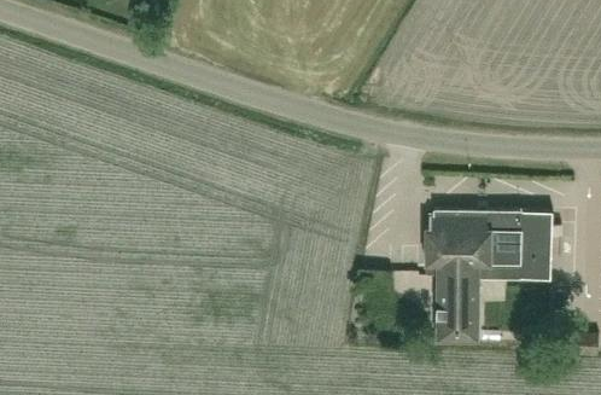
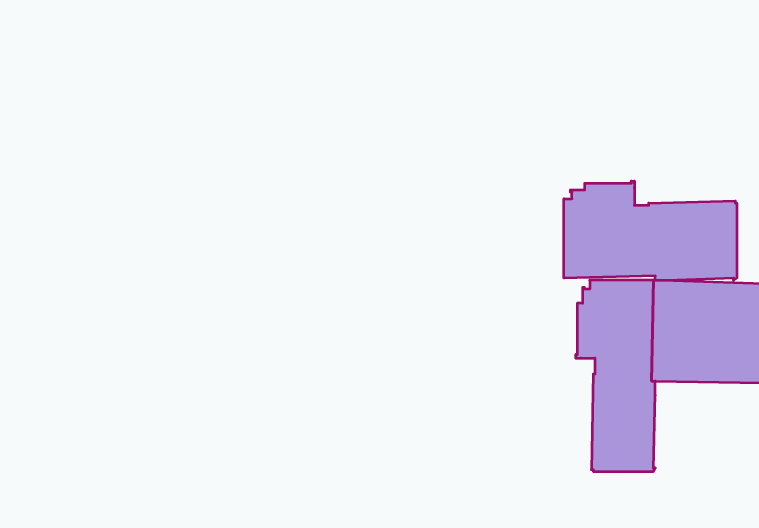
building: none -> [564,181,737,280]

